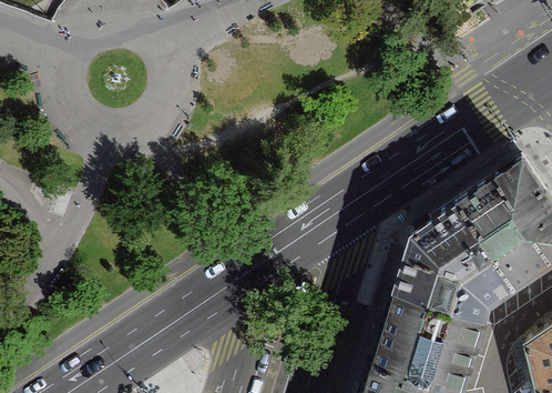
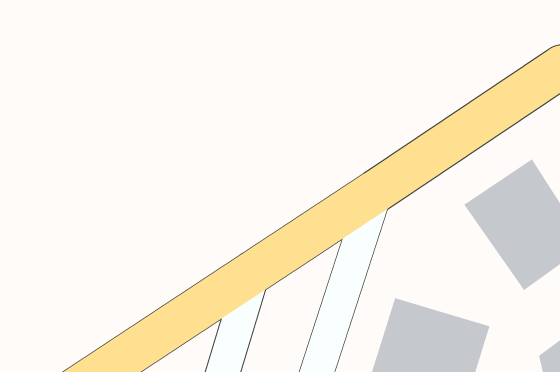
building: [395,204,515,318] -> none

